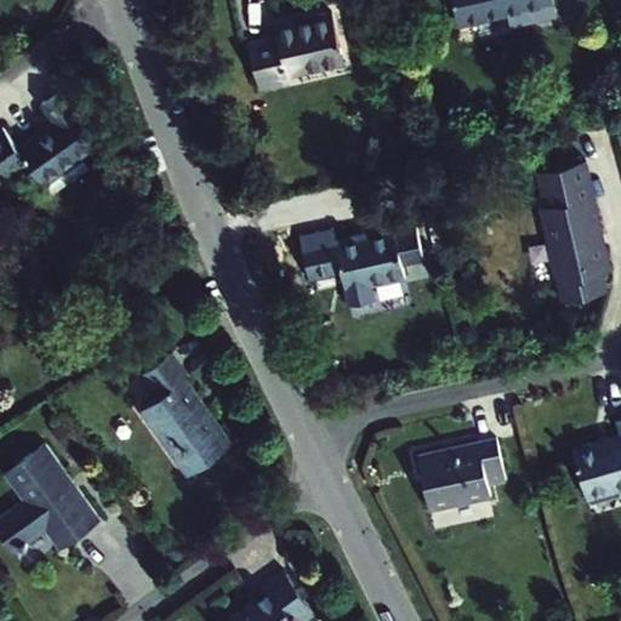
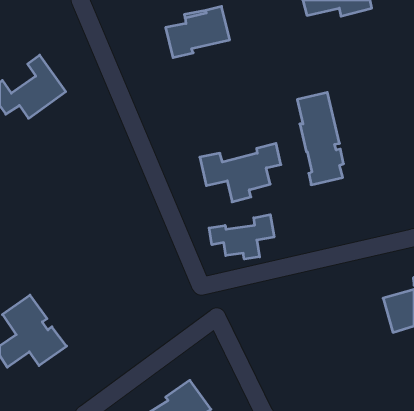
building: [540,166,609,304] -> [297,92,344,185]
building: none -> [209,215,274,259]
building: [139,355,230,478] -> none
building: [417,441,506,512] -> none

